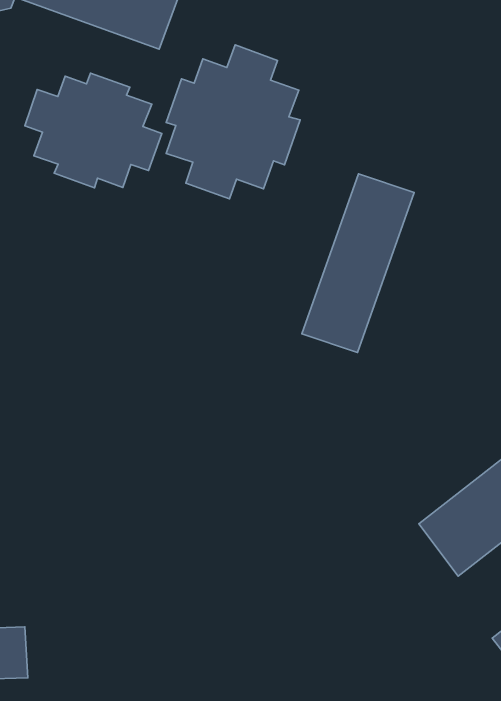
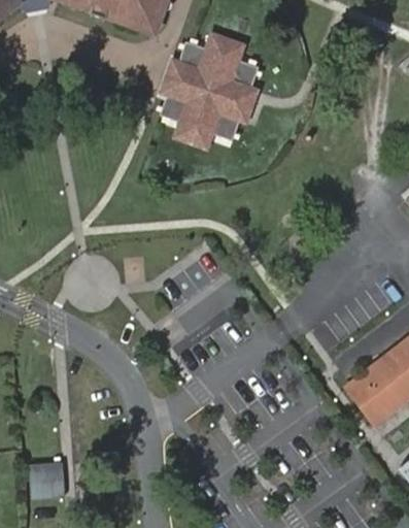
building: [25,73,162,188] -> none
building: [302,174,414,352] -> none

